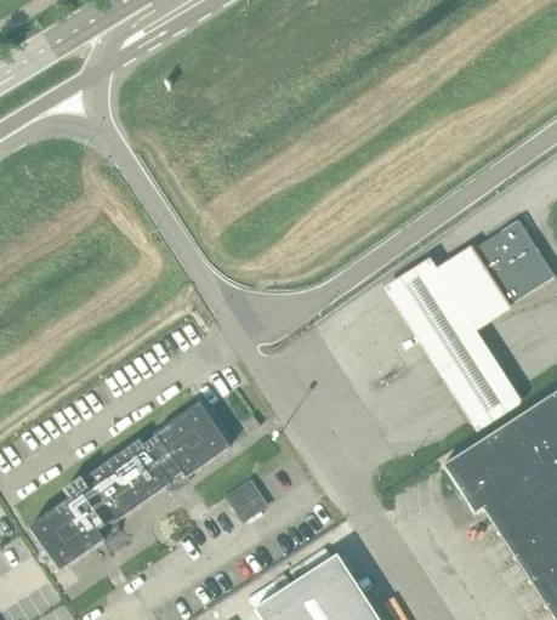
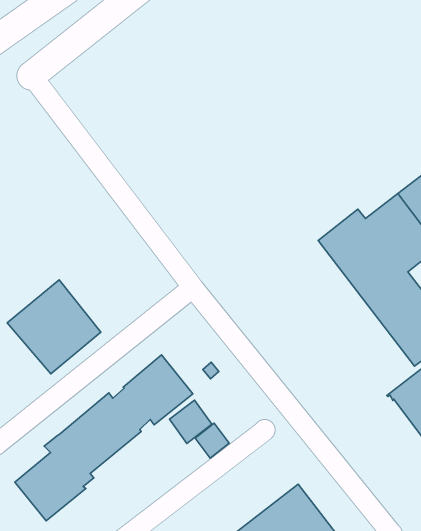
building: none -> [7,280,101,374]
building: none -> [169,400,212,443]

